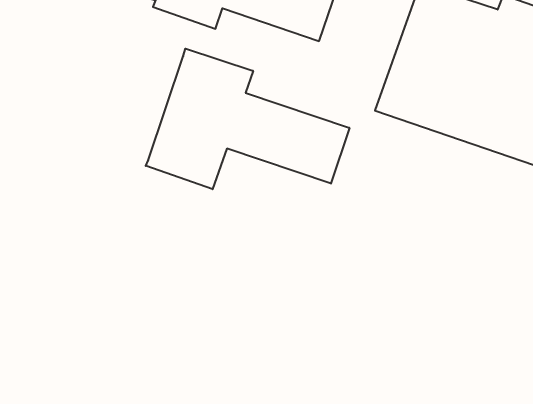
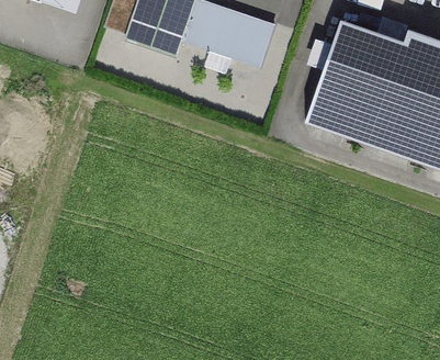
building: [146,49,349,189] -> none

